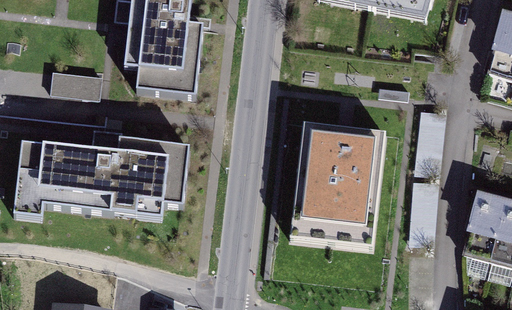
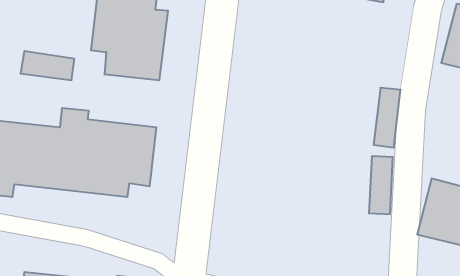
building: [293,115,382,235] -> none

